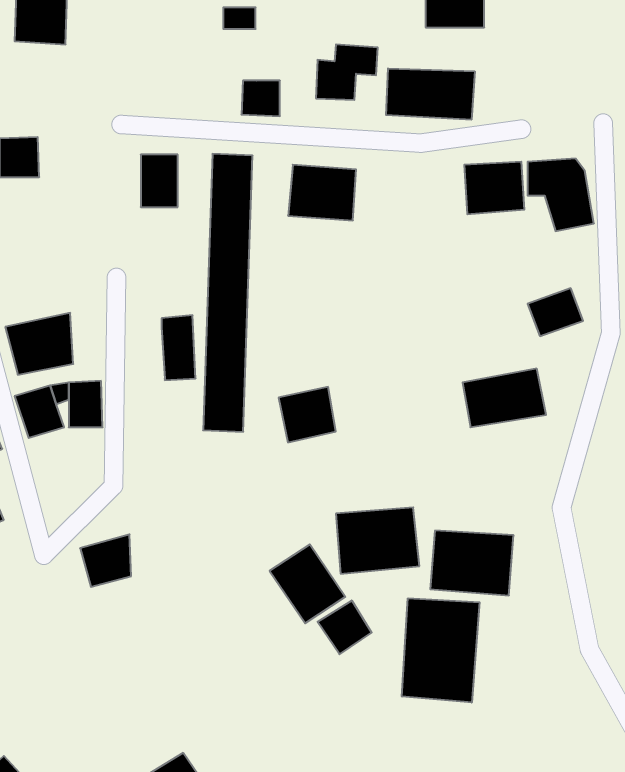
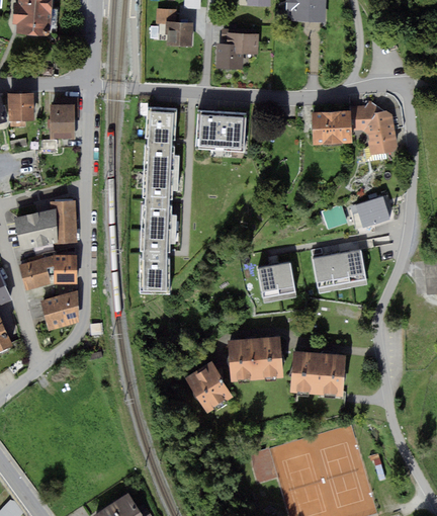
building: [386,68,475,120] -> none
building: [241,81,280,116] -> [166,23,191,47]
building: [141,155,178,207] -> [50,104,74,139]
building: [162,315,196,380] -> [55,201,77,244]
building: [279,387,336,442] -> [256,258,293,294]
building: [80,534,131,587] -> [41,293,75,328]
building: [402,598,480,703] -> none
building: [318,600,372,654] -> none

